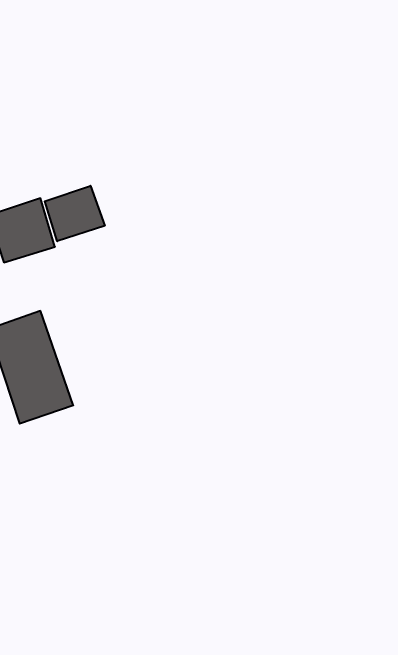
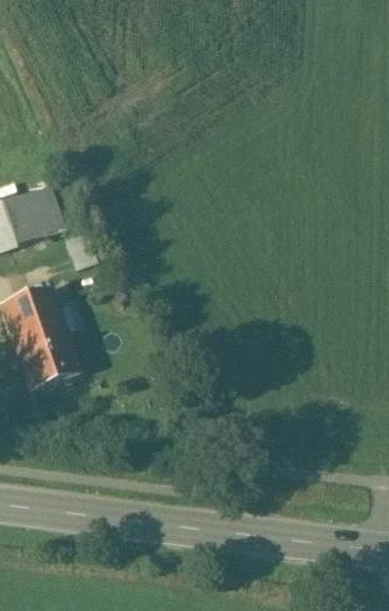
building: [45,186,105,241] -> none

